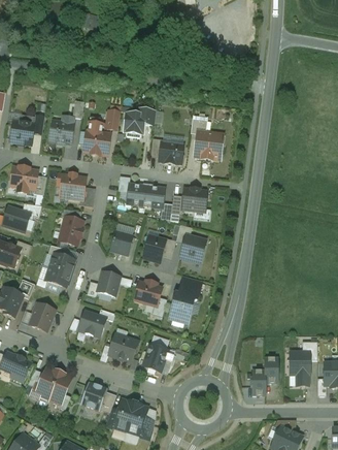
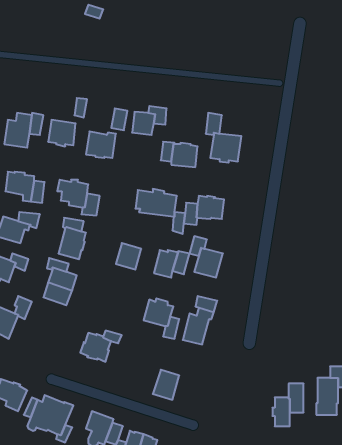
building: [96,270,120,295] -> none
building: [29,301,55,330] -> none
building: [107,332,137,361] -> none

